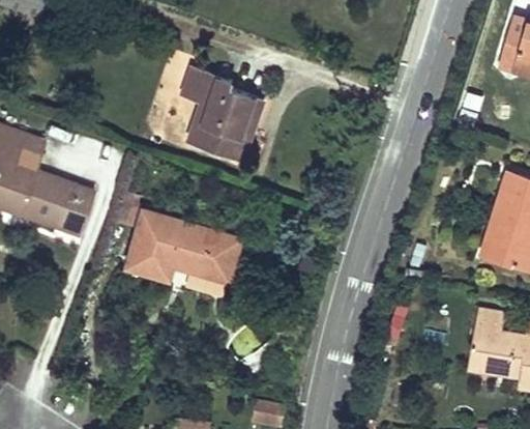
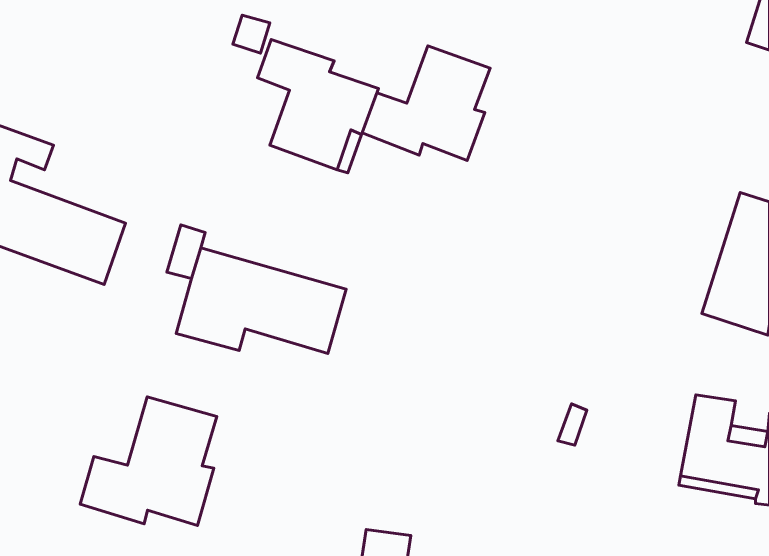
building: none -> [362,46,490,161]
building: none -> [80,397,217,525]

